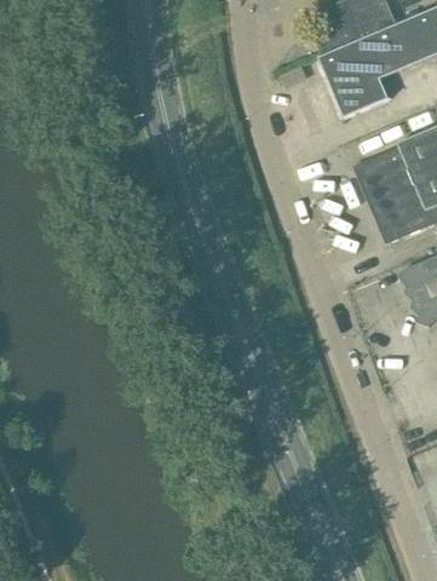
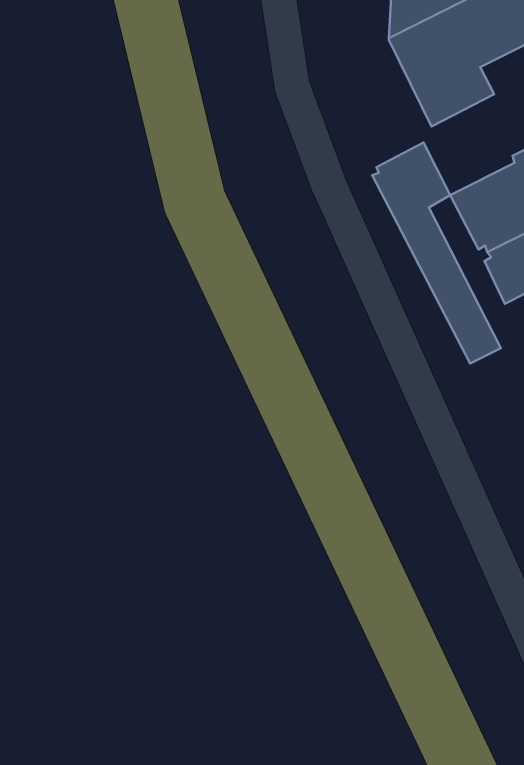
building: none -> [372,142,501,364]

